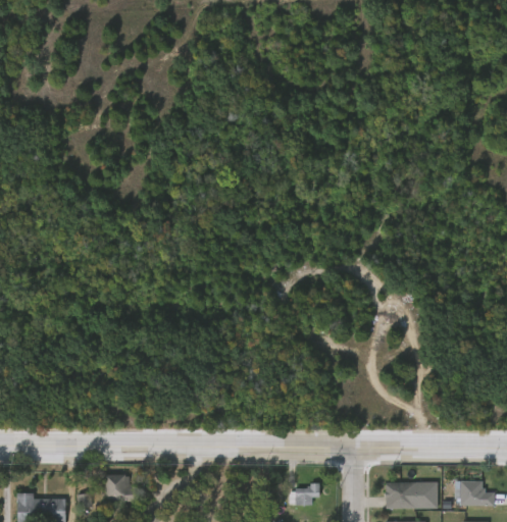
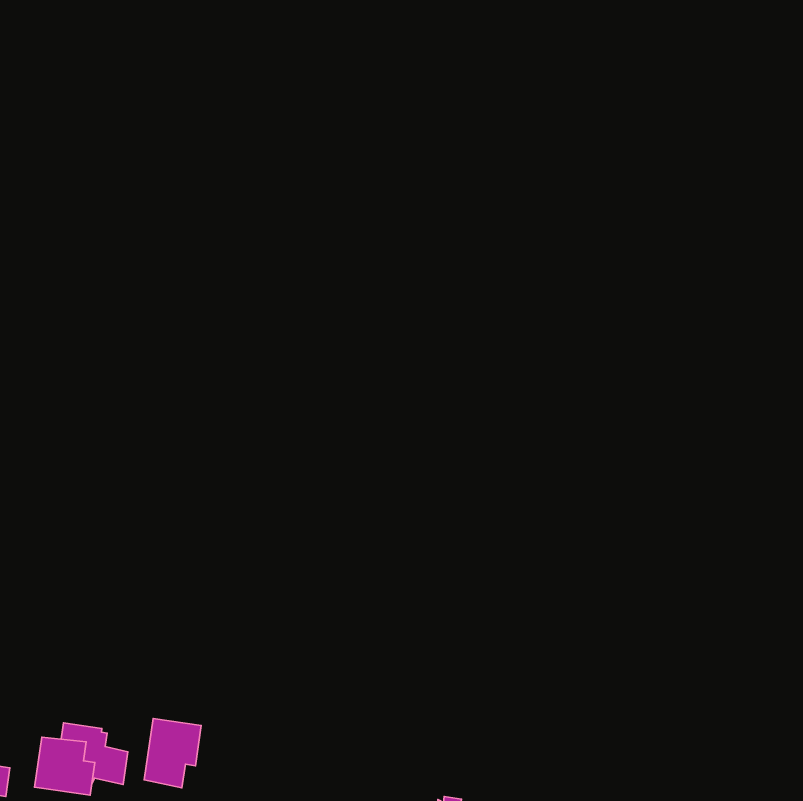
building: none -> [144,718,201,788]

